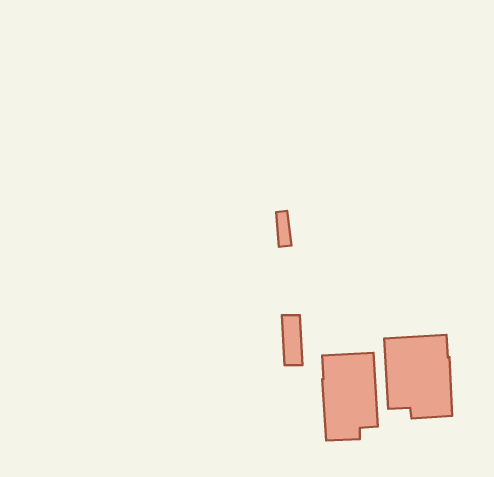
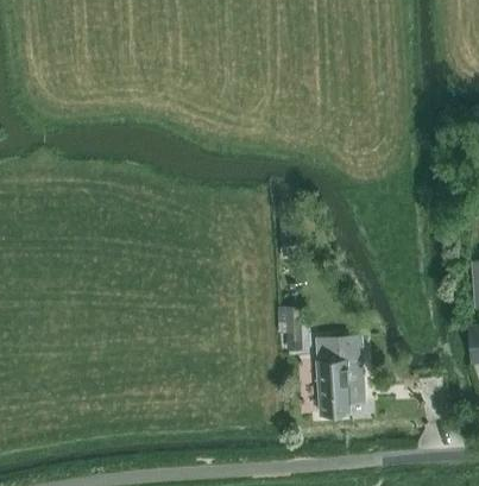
building: [384,335,452,418] -> none

